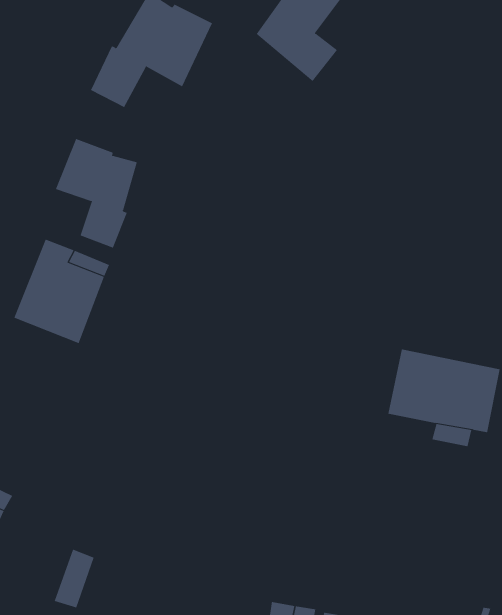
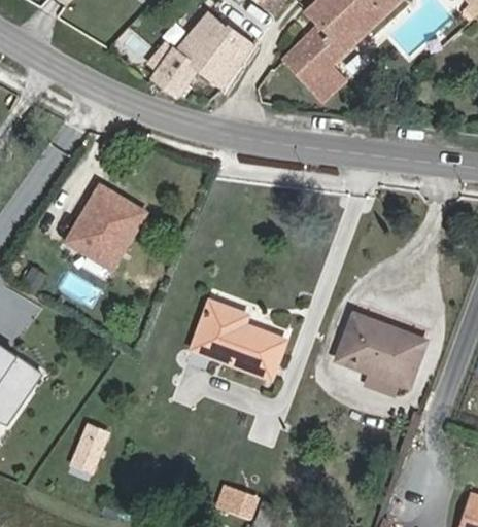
building: [55,138,137,248] -> none
building: none -> [193,302,285,379]

